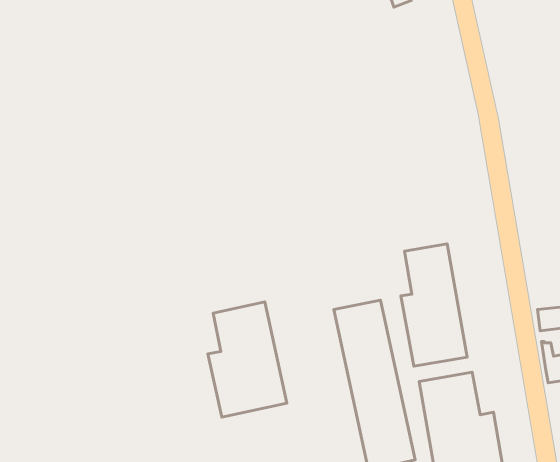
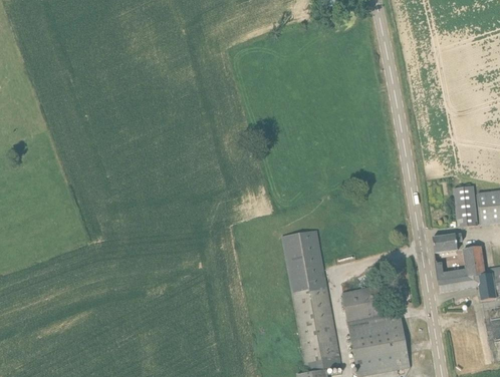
building: [401,244,467,366] -> none
building: [208,302,287,417] -> none

